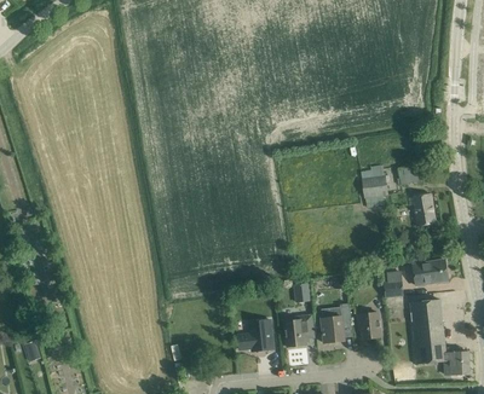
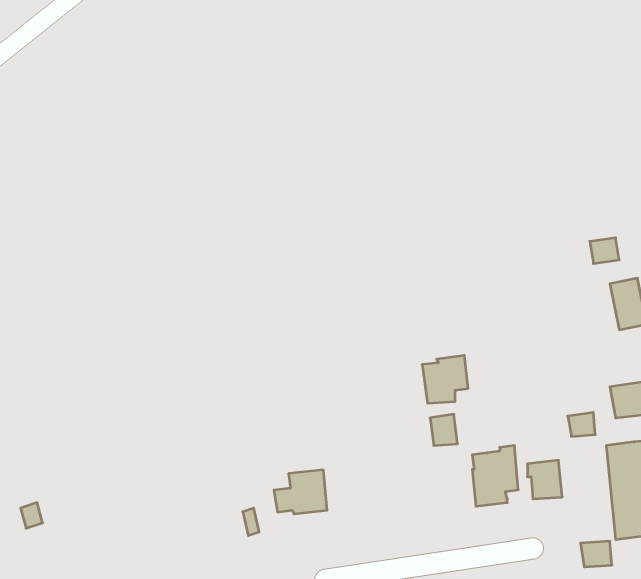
building: [362,164,388,207] -> none
building: [284,315,315,347] -> [422,355,468,403]
building: [240,320,275,349] -> [274,470,327,514]

